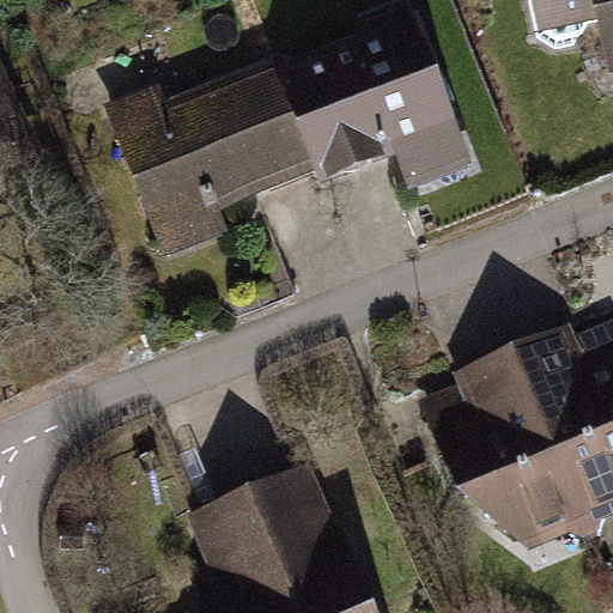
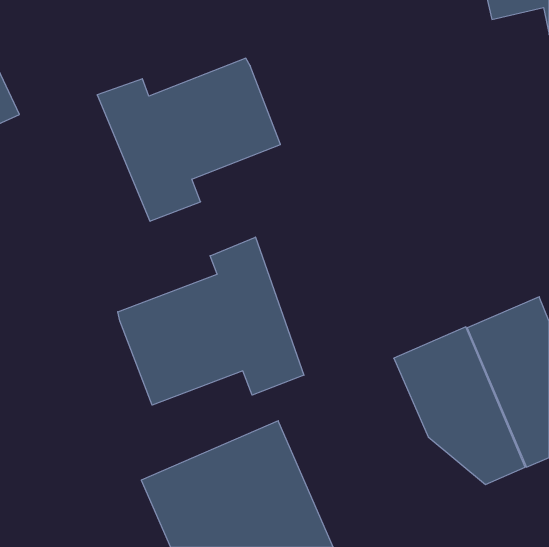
building: [278,22,463,175] -> none
building: none -> [118,237,304,405]

